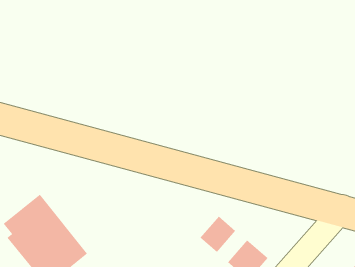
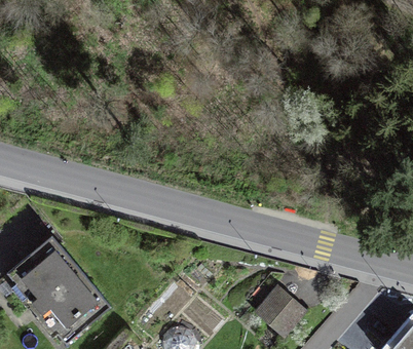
building: [200,216,236,253] -> none

